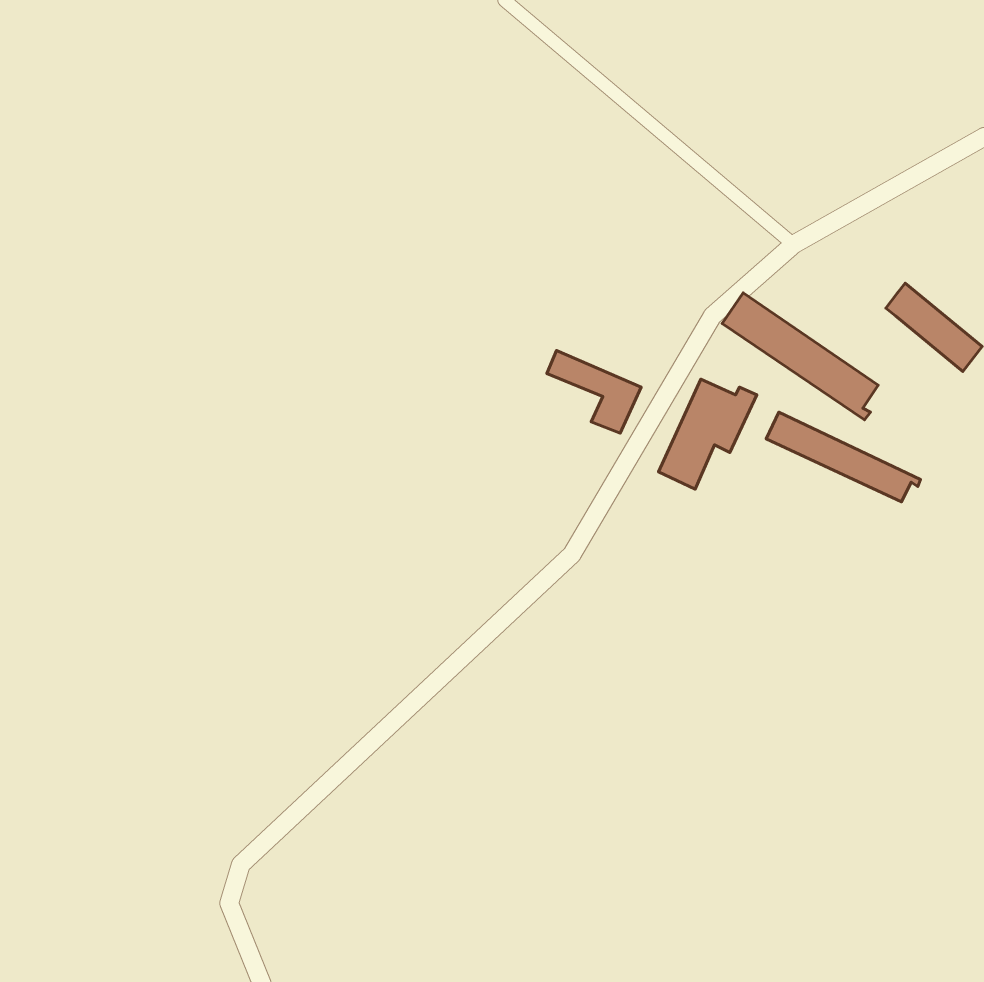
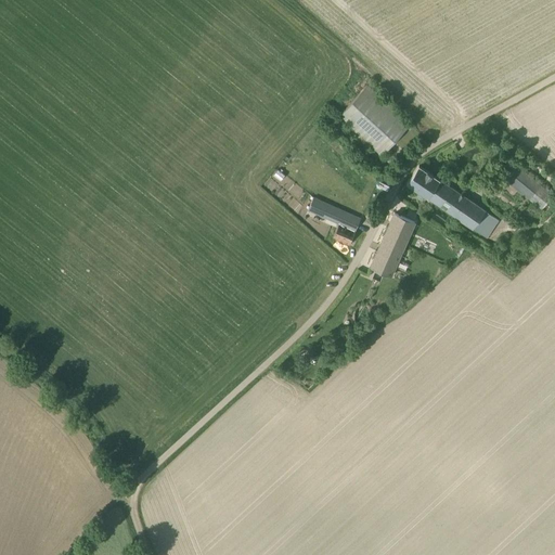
building: none -> [337,86,411,158]
building: [766,412,921,502] -> none

